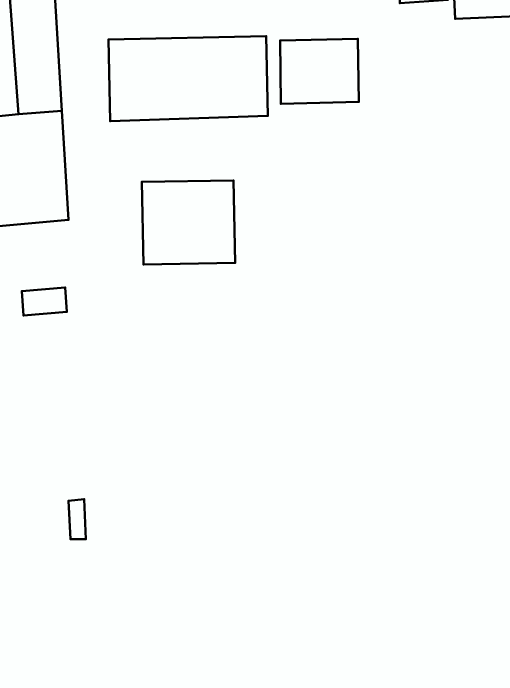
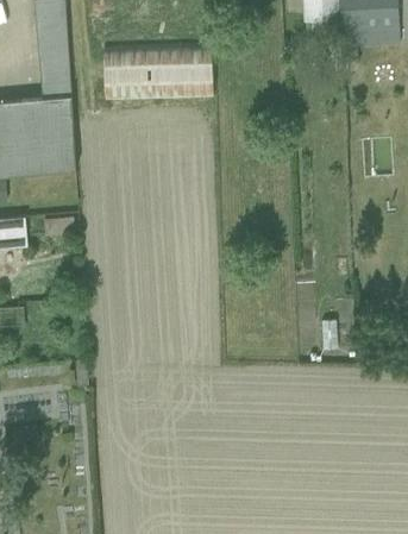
building: [280,39,359,104] -> none
building: [142,180,235,264] -> none

